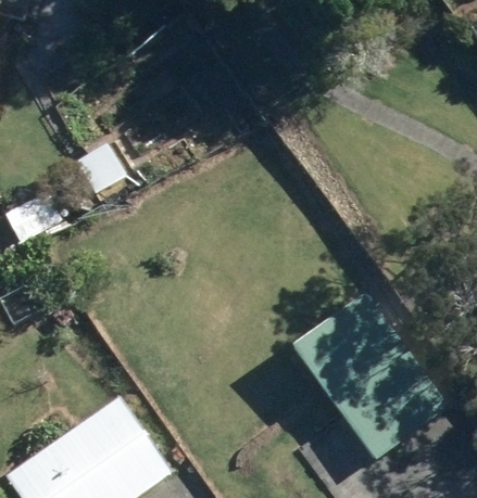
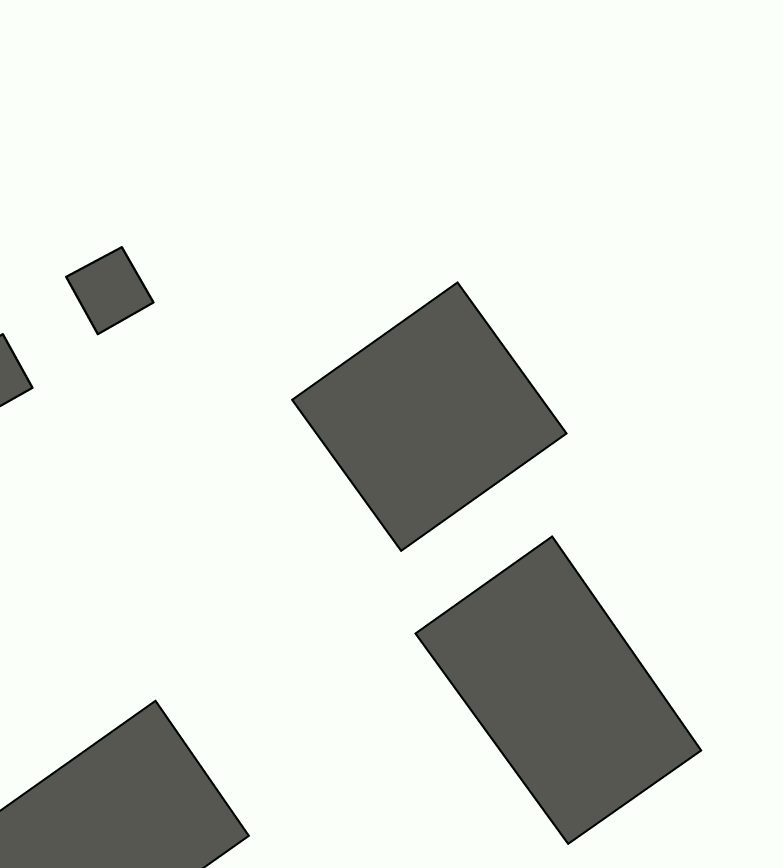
building: none -> [292,282,566,551]

